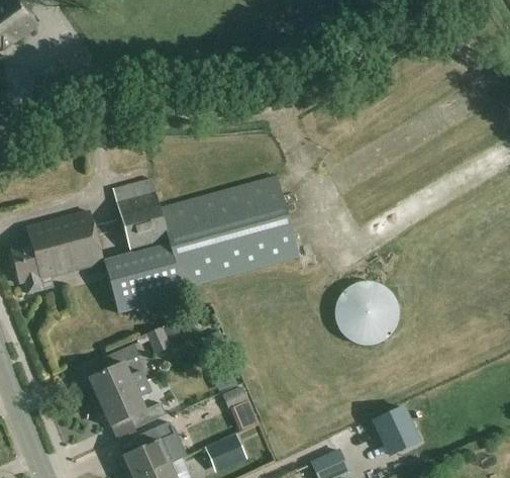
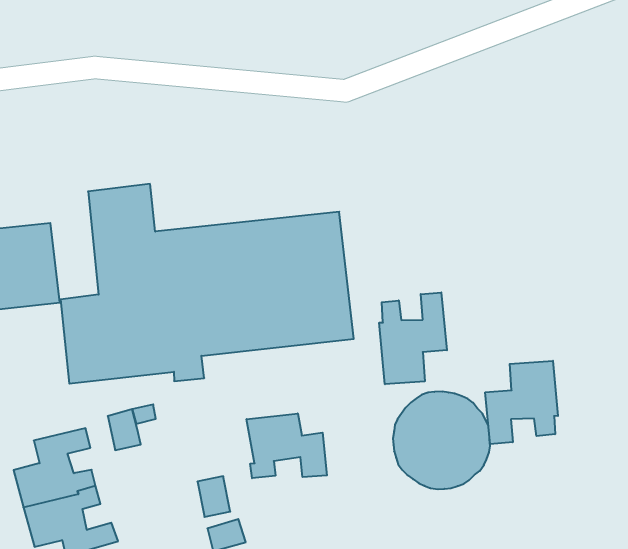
building: none -> [379,292,447,384]
building: none -> [485,361,558,444]
building: none -> [247,413,327,478]

